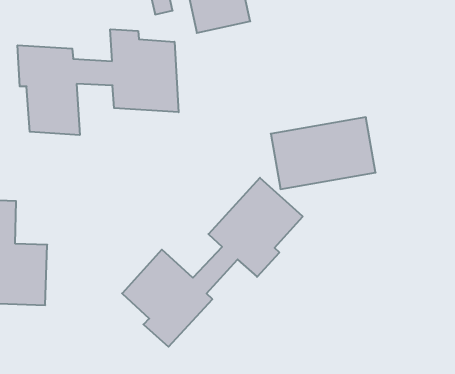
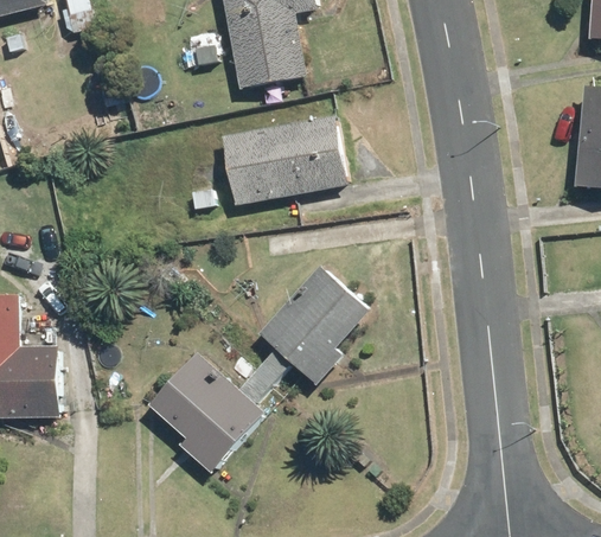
building: [18,29,179,135] -> none
building: [271,117,376,189] -> [220,116,349,204]

